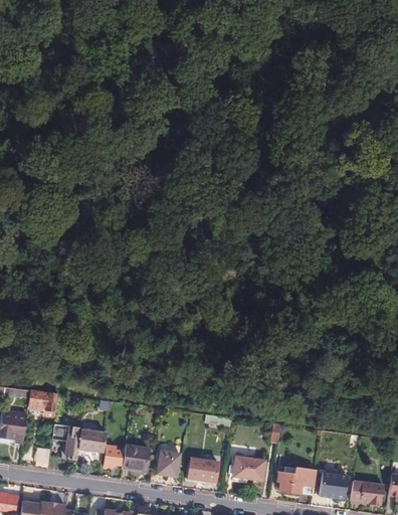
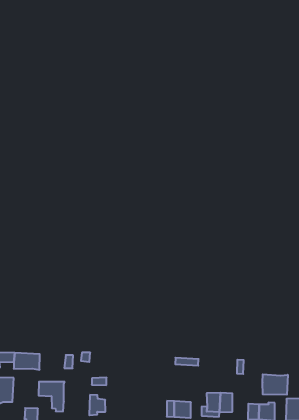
building: [78,428,106,451] -> none
building: none -> [263,374,288,395]
building: [122,444,148,470] -> none
building: [157,449,180,474] -> none

